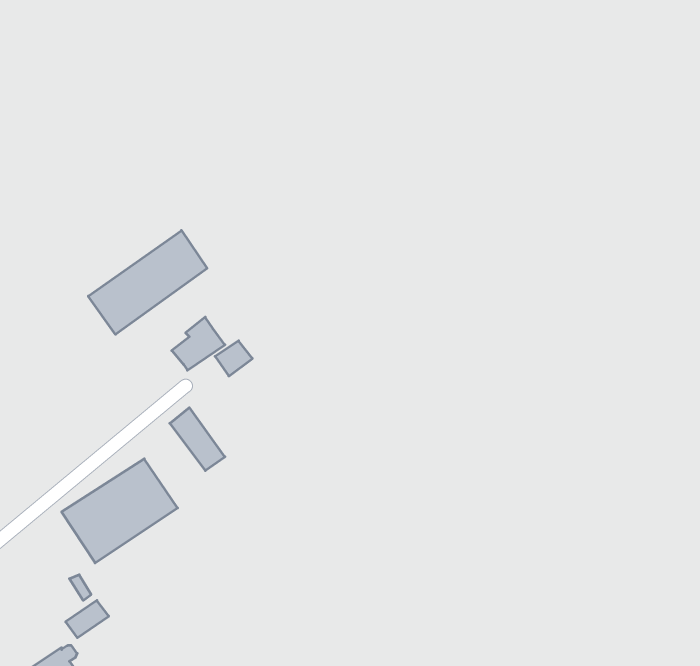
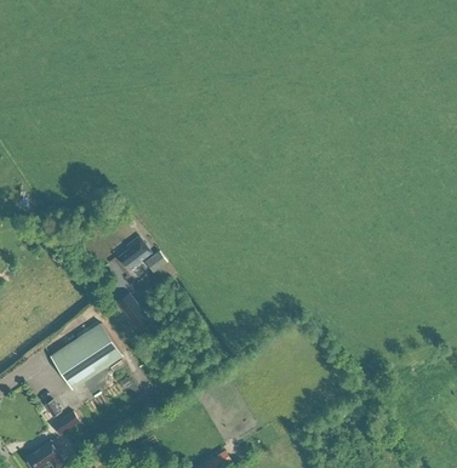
building: [88,230,207,334] -> none

